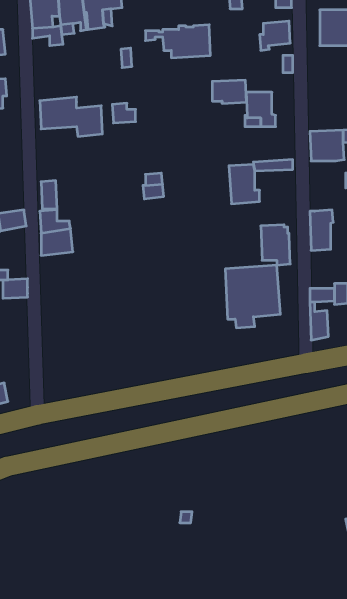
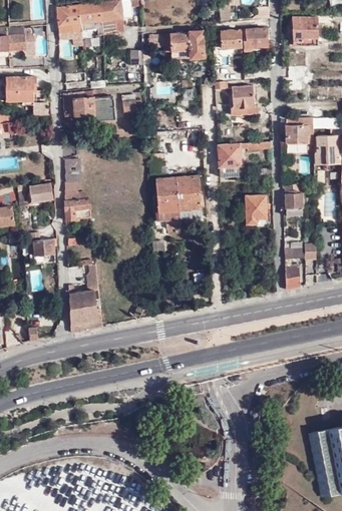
building: [212,80,247,103] -> [215,30,243,49]
building: [225,265,280,328] -> [156,175,202,226]
building: none -> [68,264,102,333]

